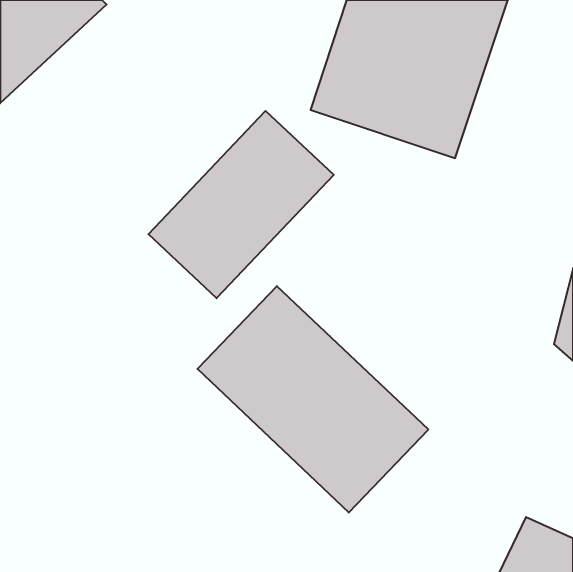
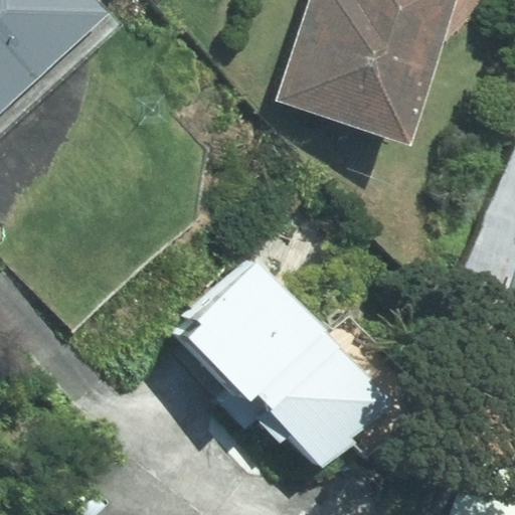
building: [148,111,334,298] -> none

